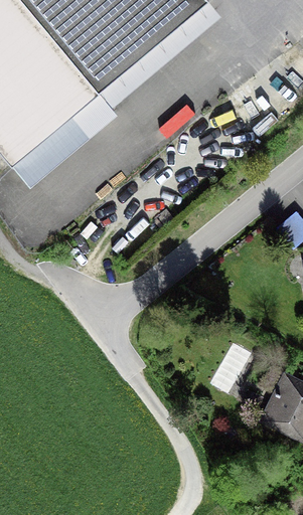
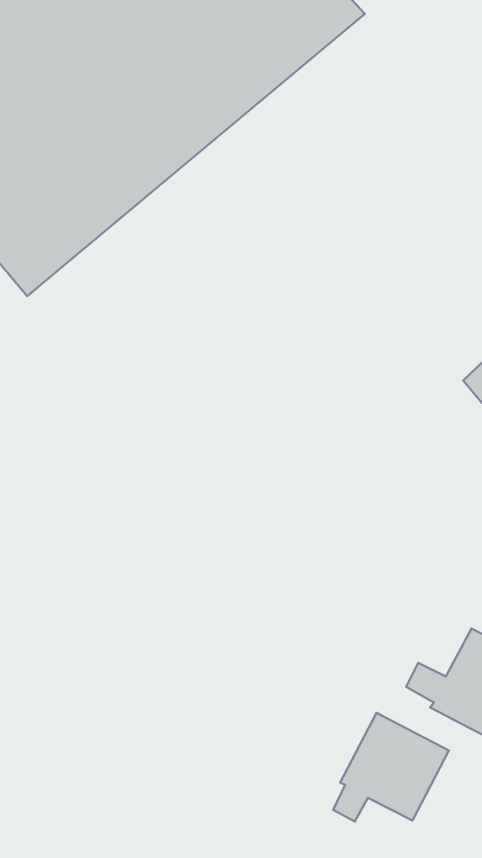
building: none -> [333,713,449,822]

